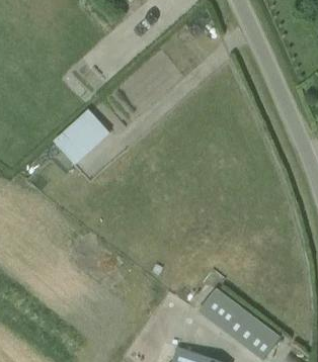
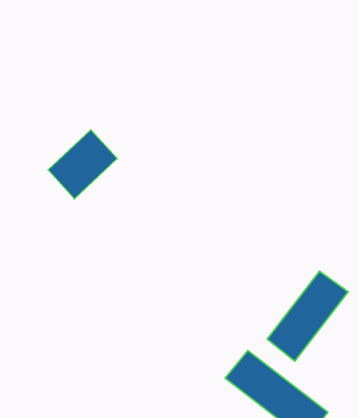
building: none -> [267,271,348,361]

